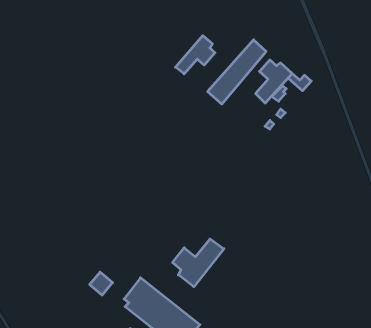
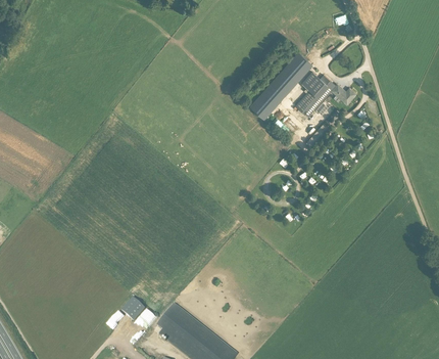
building: [175,36,215,74] -> none
building: [173,239,224,287] -> none

